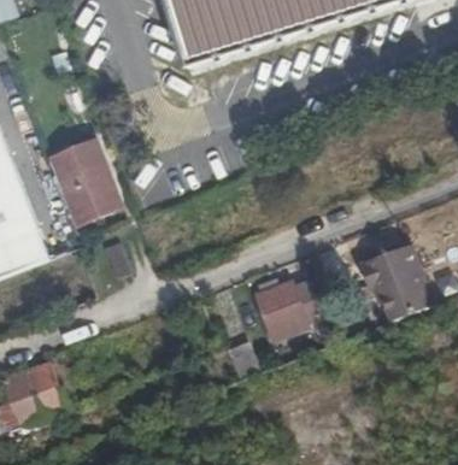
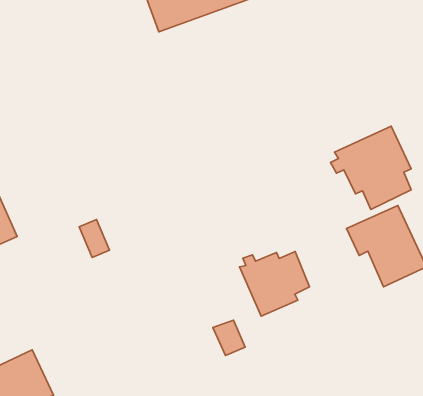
building: [52,131,127,219] -> none
building: none -> [330,126,411,209]

